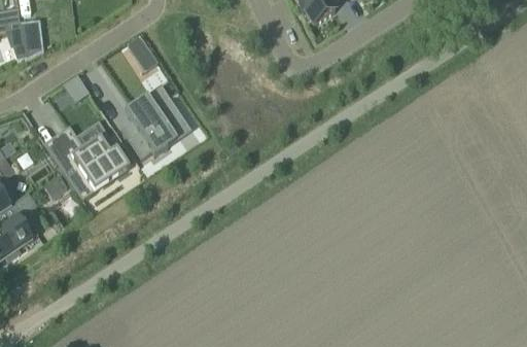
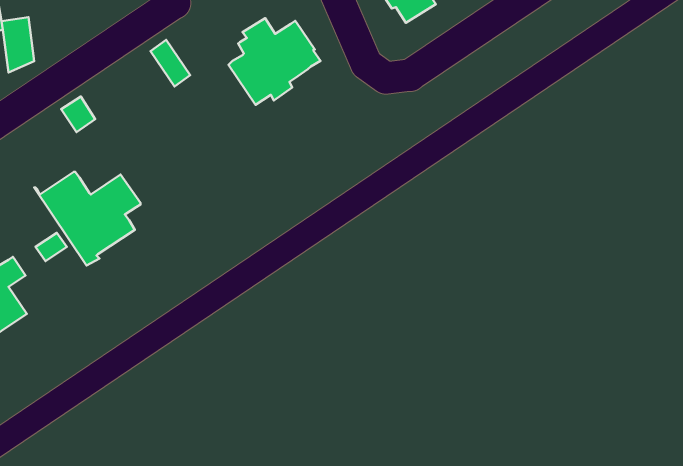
building: [120,94,187,157] -> [228,18,321,105]

